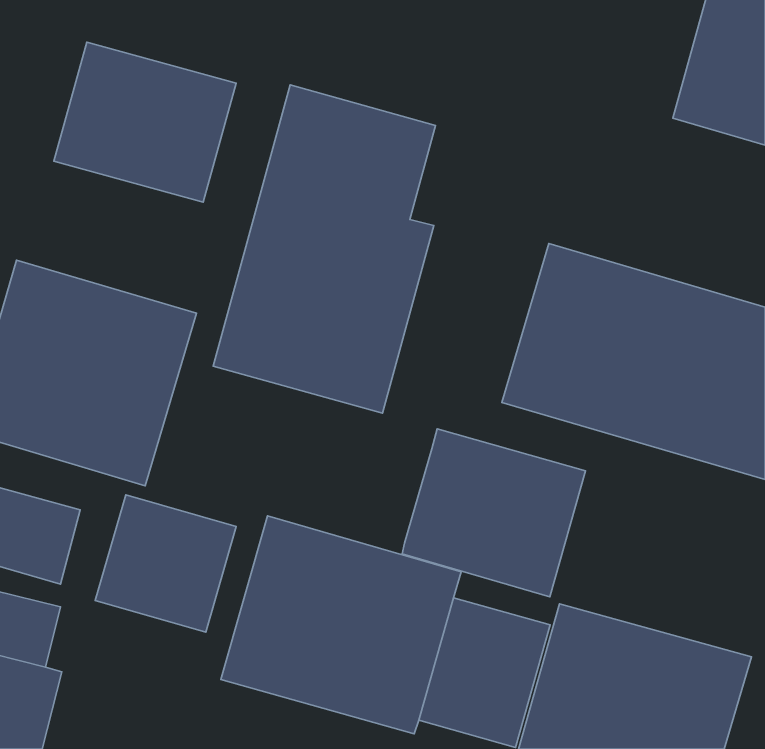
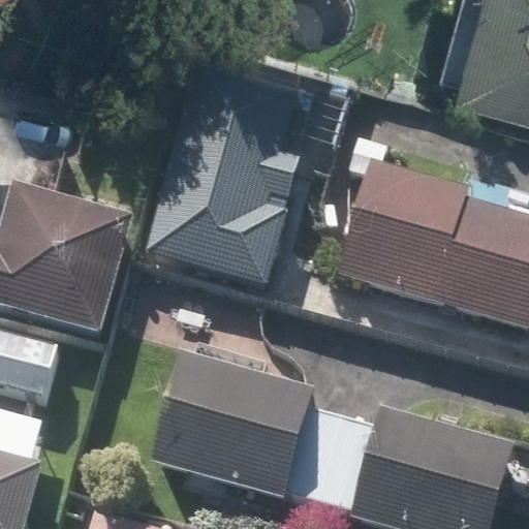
building: [54,42,236,202] -> none
building: [402,429,586,597] -> none
building: [95,495,236,632] -> none

